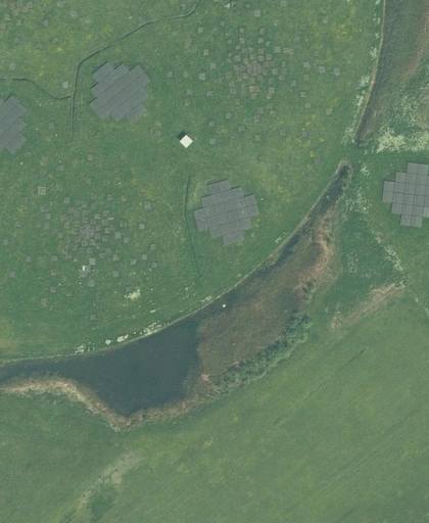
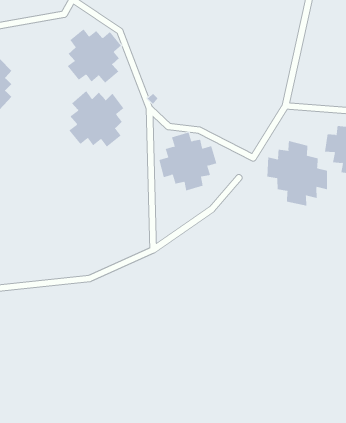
building: none -> [68,90,124,147]
building: none -> [267,140,328,206]

